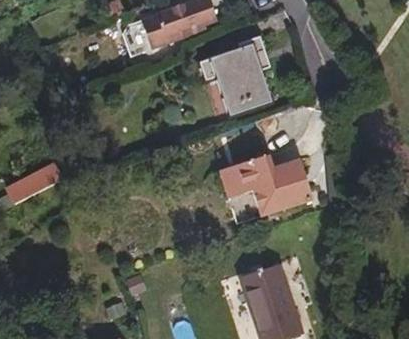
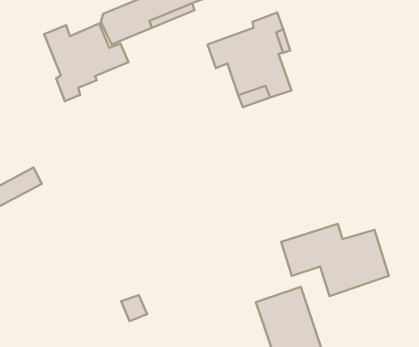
building: none -> [44,24,129,101]
building: [220,154,311,215] -> [281,224,389,296]

